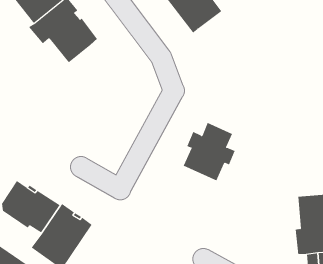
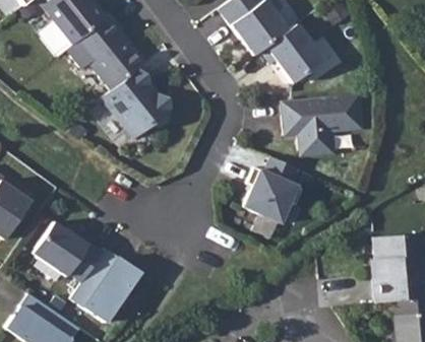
building: none -> [261,23,323,82]
building: none -> [104,68,173,137]
building: none -> [283,92,363,154]

